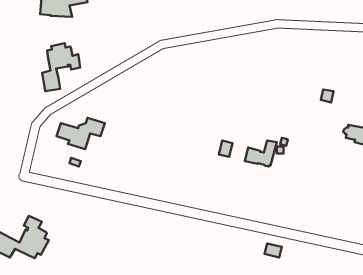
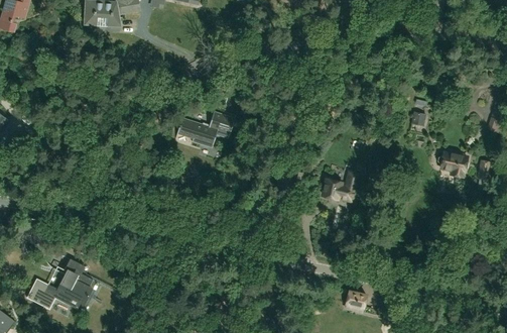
building: [42,43,80,91] -> none
building: [57,118,105,149] -> [177,112,234,148]

